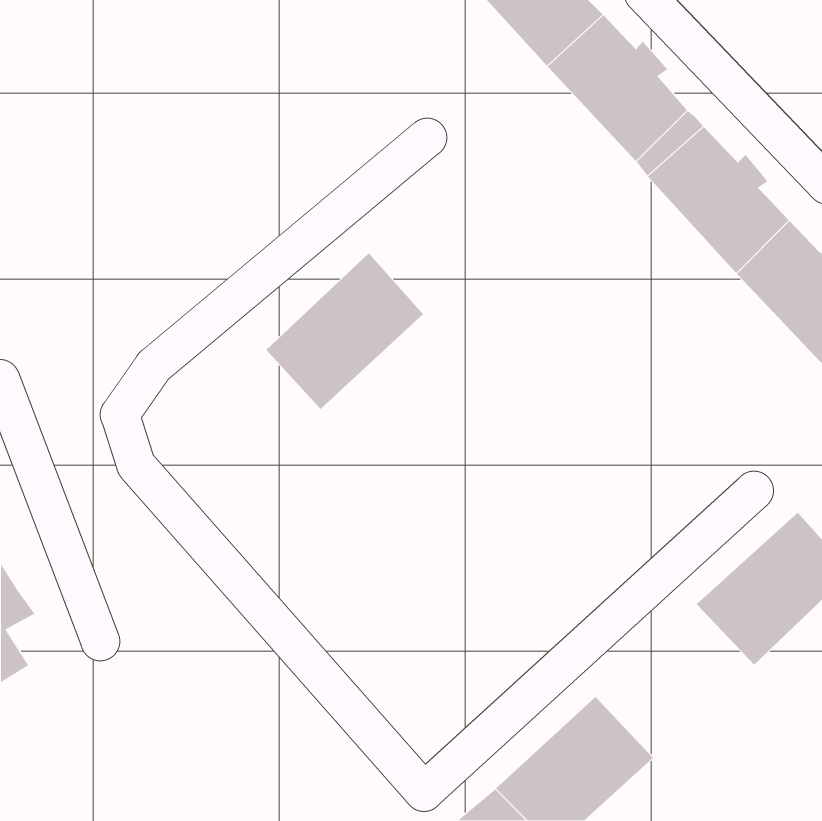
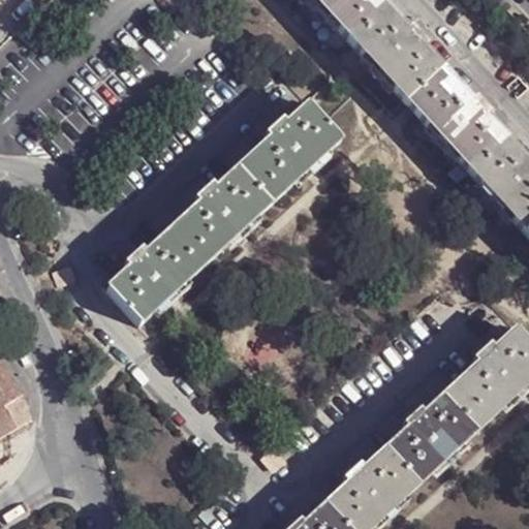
building: none -> [239,100,341,200]
building: none -> [105,223,208,323]
building: none -> [383,385,485,484]

